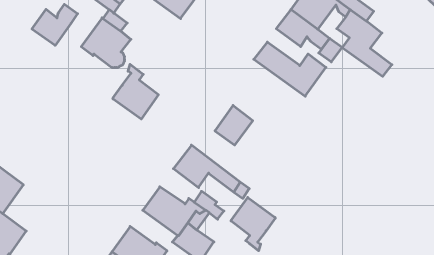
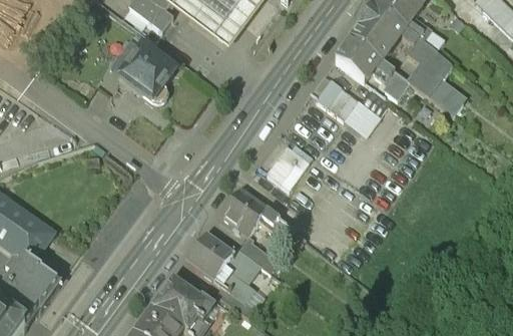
building: [32,4,78,45] -> none
building: [113,64,158,119] -> none
building: [231,197,275,251] -> none

